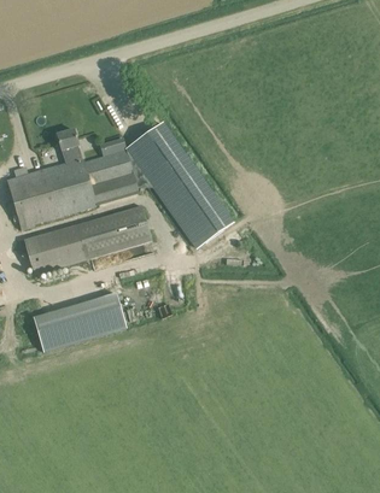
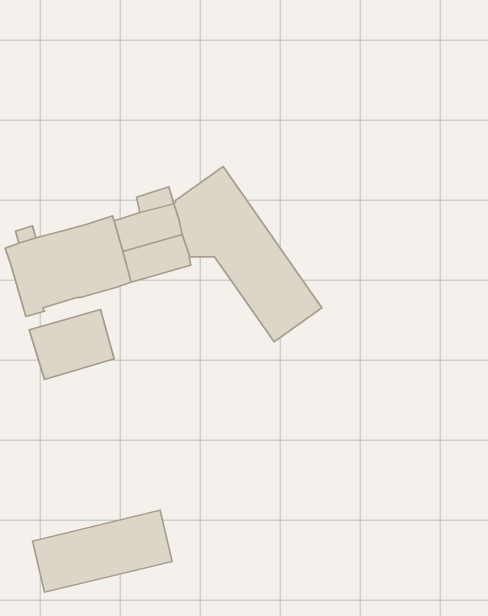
building: [55,129,82,164] -> none
building: [74,205,151,259] -> none
building: [34,293,133,351] -> [32,510,172,592]

